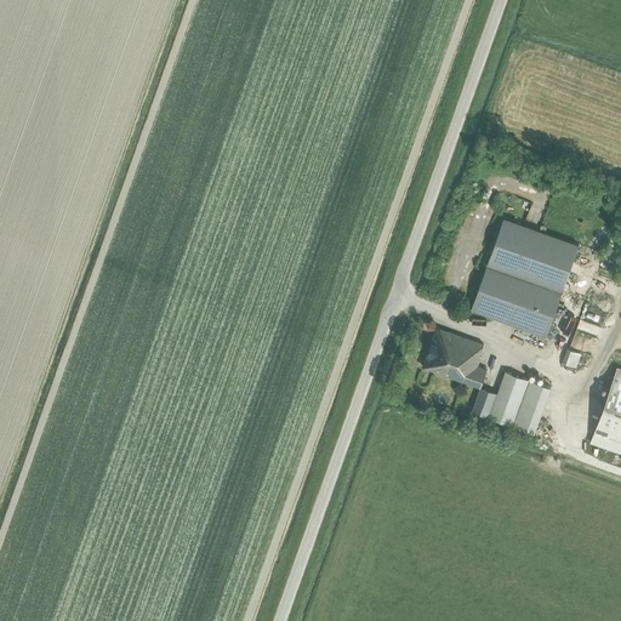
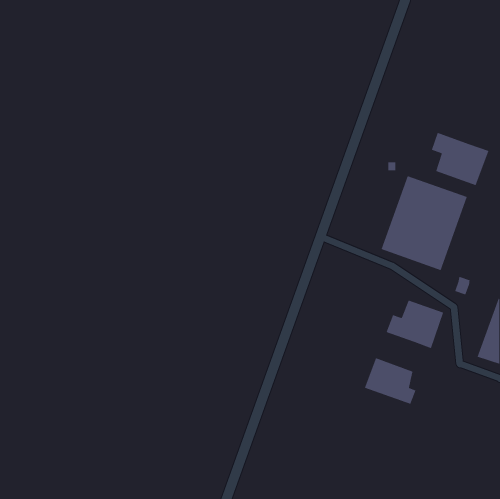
building: none -> [431,132,490,186]
building: [422,329,488,388] -> [364,357,417,405]

